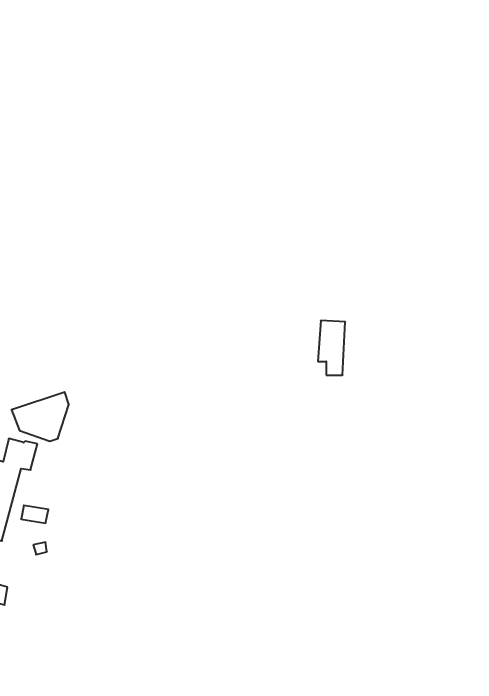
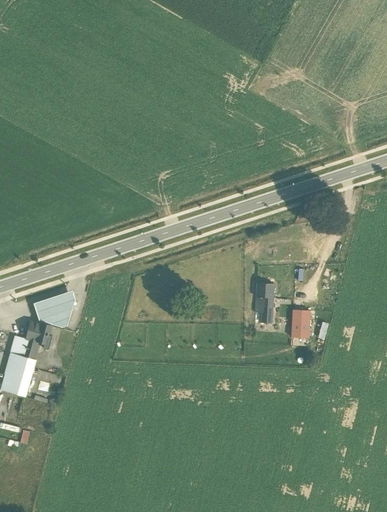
building: [318,321,345,375] -> [254,283,274,323]
building: none -> [291,311,309,338]

